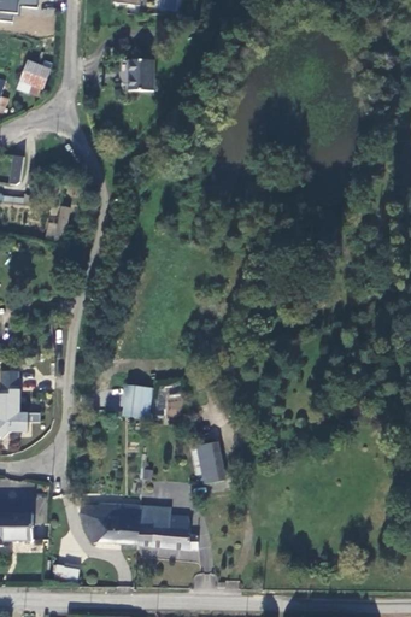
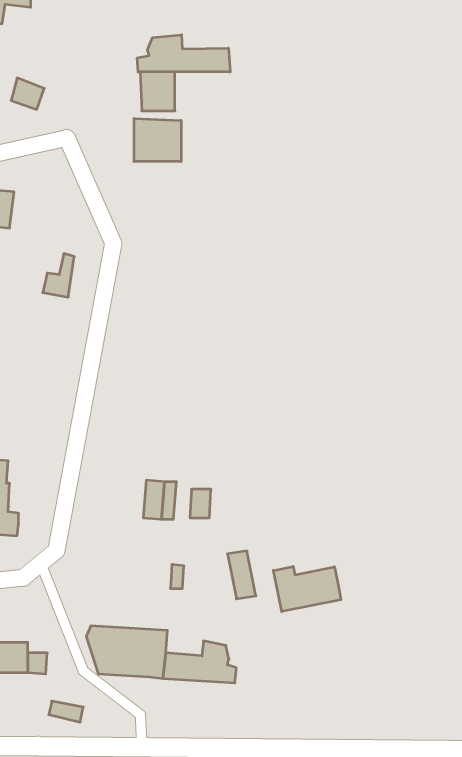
building: none -> [137,35,230,72]
building: none -> [134,118,181,162]
building: none -> [273,566,341,612]
building: [143,507,174,528] -> none

